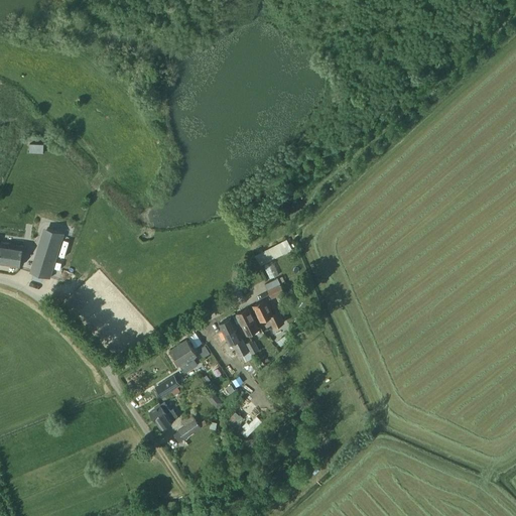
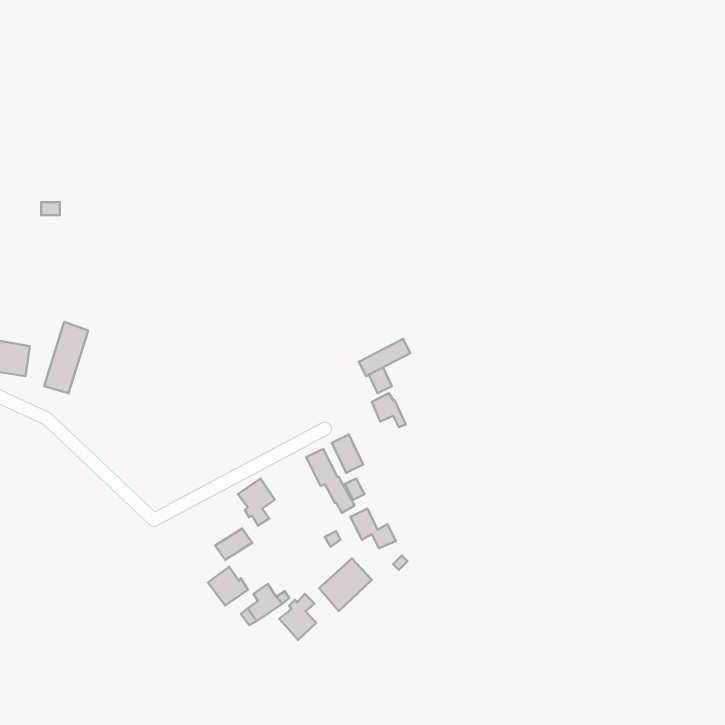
building: [251,301,283,330] -> [350,508,396,548]
building: none -> [279,594,316,640]

